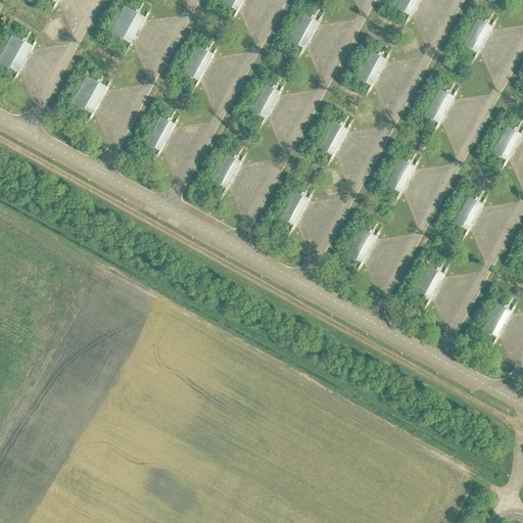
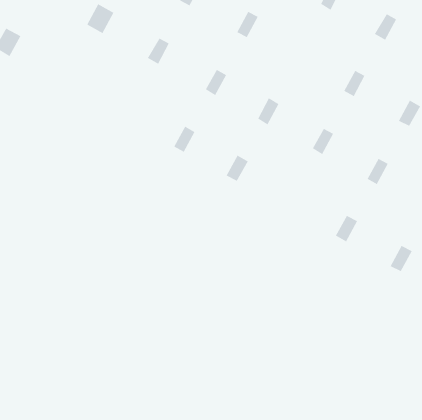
building: [355,49,384,83] -> none
building: [67,75,102,112] -> none
building: [143,115,171,150] -> none
building: [345,227,374,260] -> none

